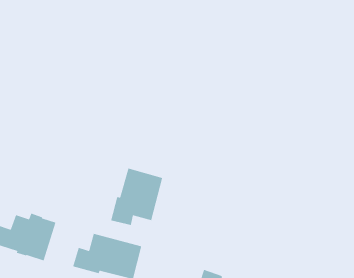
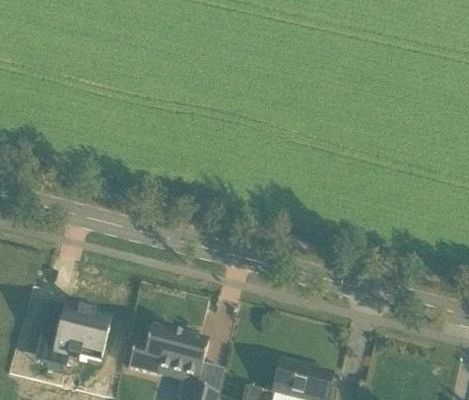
building: [110,167,163,226] -> none

